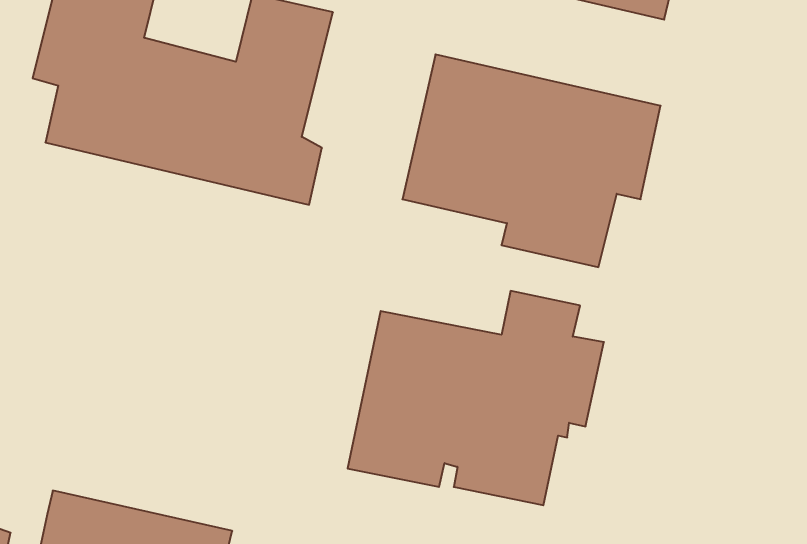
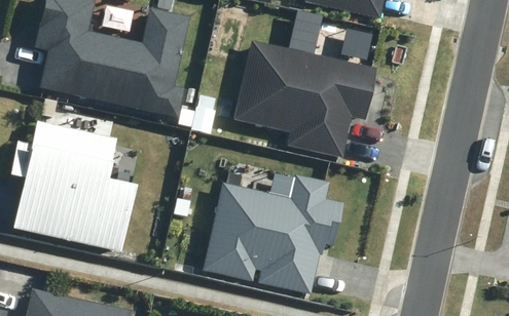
building: none -> [11,120,134,252]

